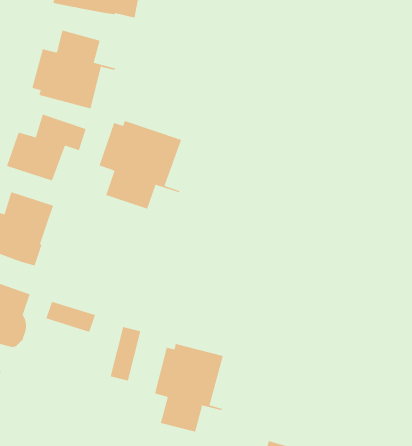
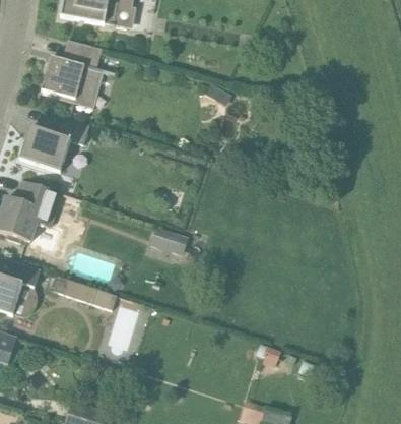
building: [99,120,182,210] -> none
building: none -> [147,226,184,255]
building: [154,343,224,432] -> none

